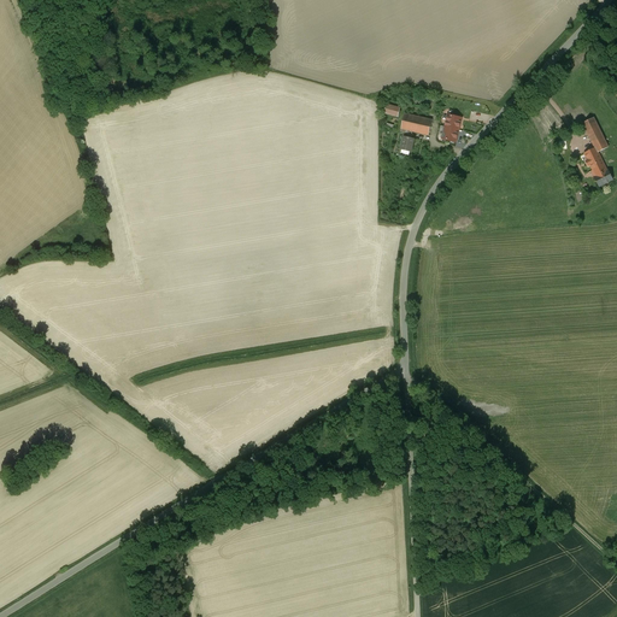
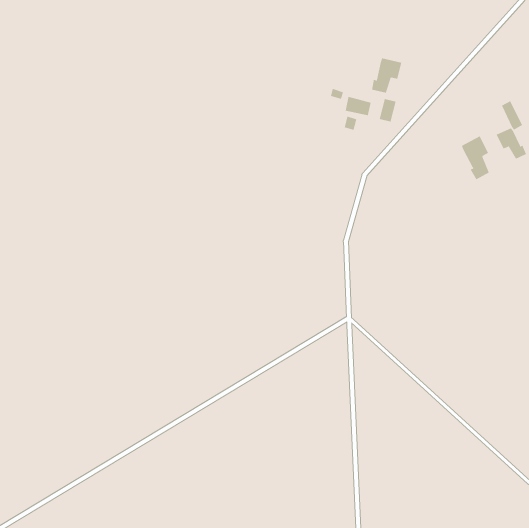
building: none -> [371,58,402,93]
building: none -> [461,135,490,180]

